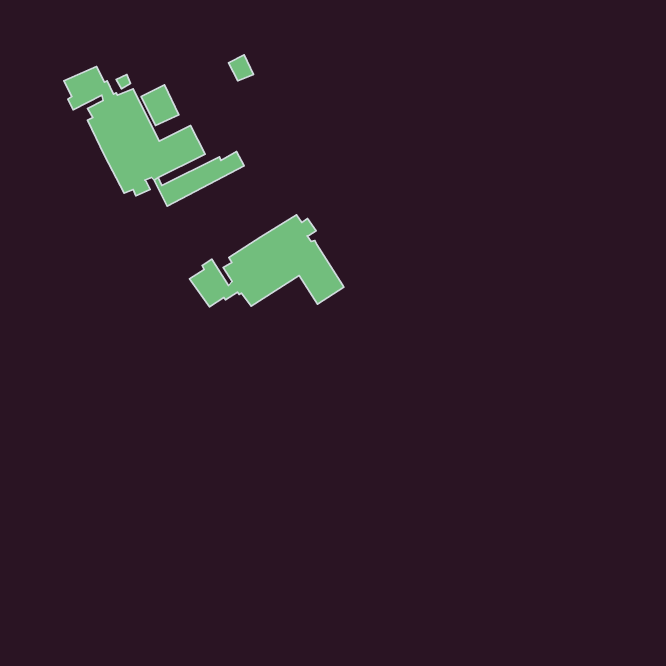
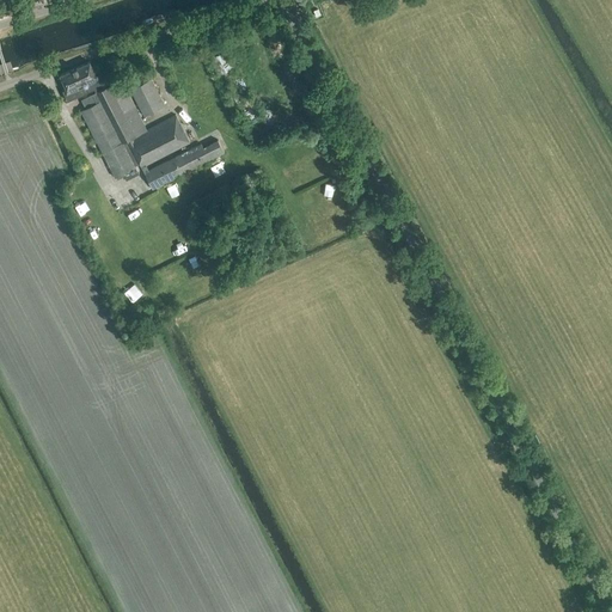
building: [190,215,344,307] -> none

